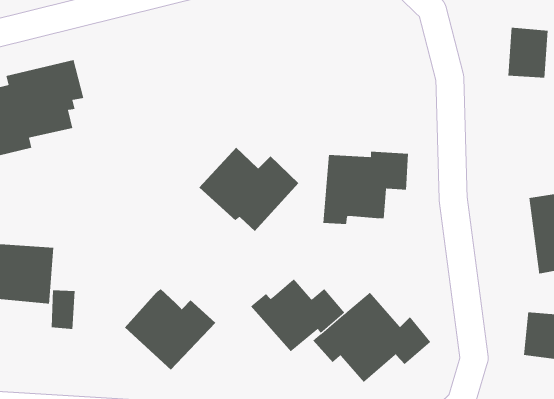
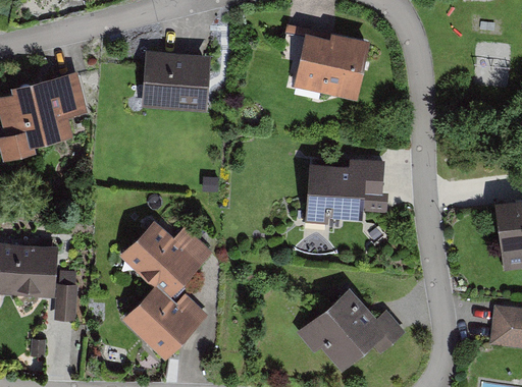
building: none -> [294,31,370,100]
building: none -> [142,50,210,112]
building: [198,147,299,232] -> [118,219,211,297]
building: [250,279,345,352] -> none

